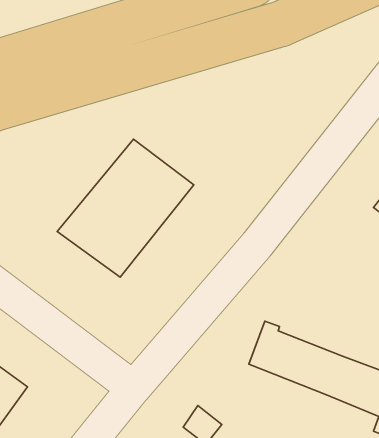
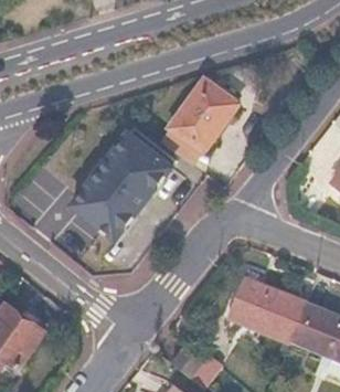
building: none -> [169,77,238,151]

